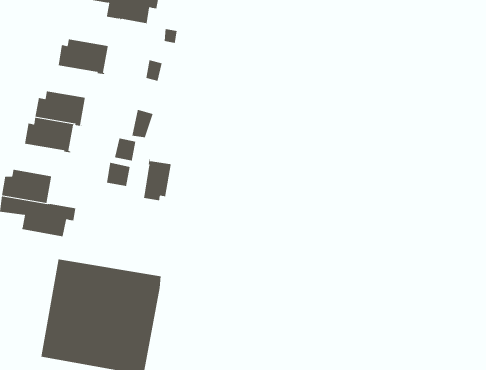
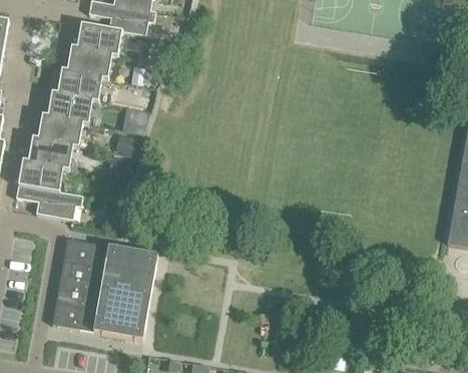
building: none -> [76,22,121,54]
building: none -> [57,69,101,100]
building: none -> [28,137,72,168]
building: [143,158,171,201] -> none

